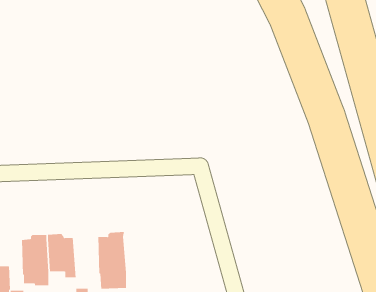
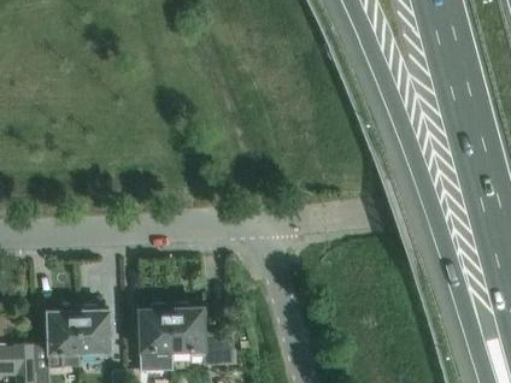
building: none -> [169,302,218,365]

